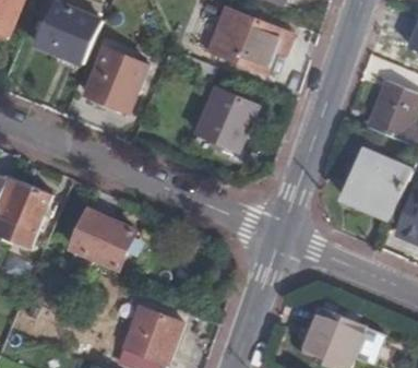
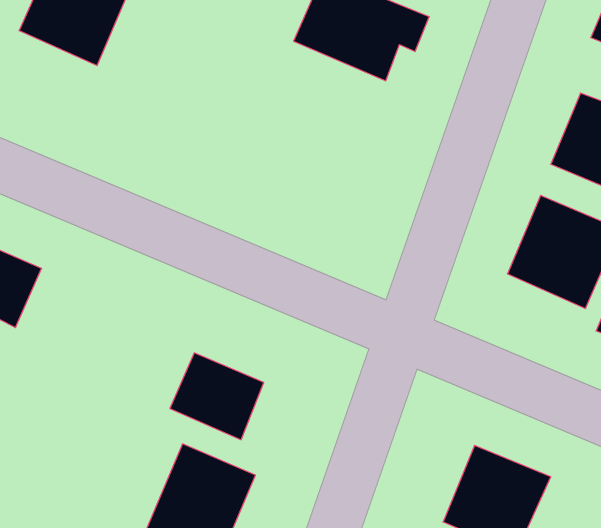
building: [84,50,148,116] -> none
building: [195,91,255,153] -> none
building: [71,212,130,266] -> [170,353,264,440]

